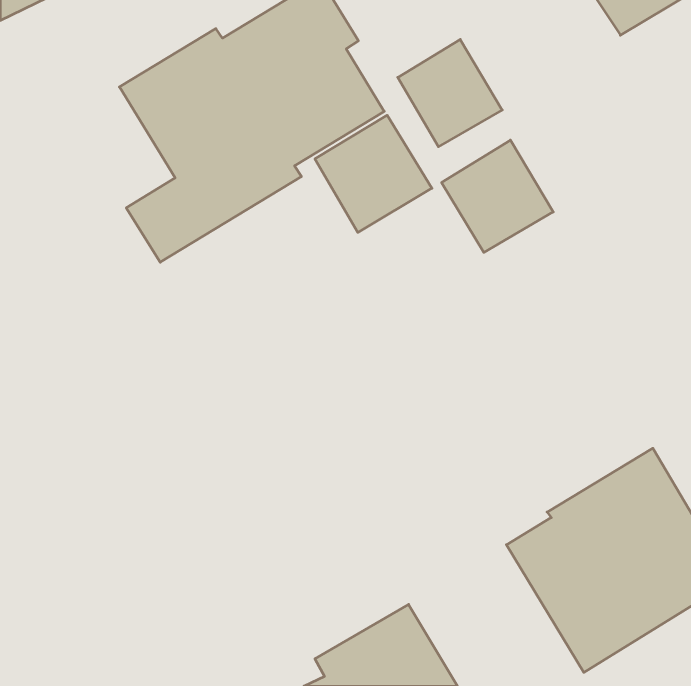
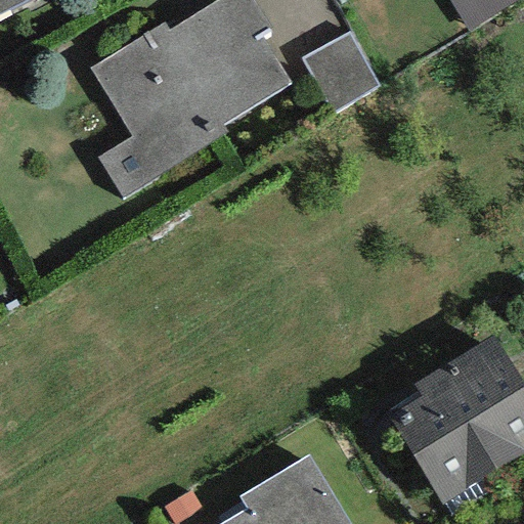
building: [315,115,432,232] -> none
building: [442,140,553,252] -> none

